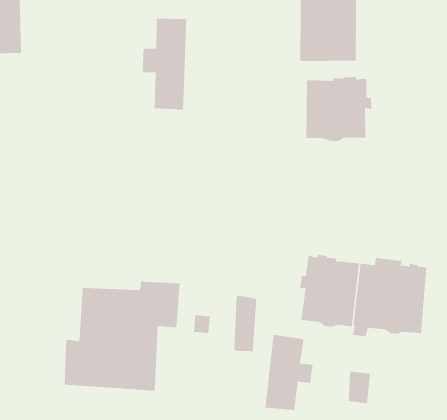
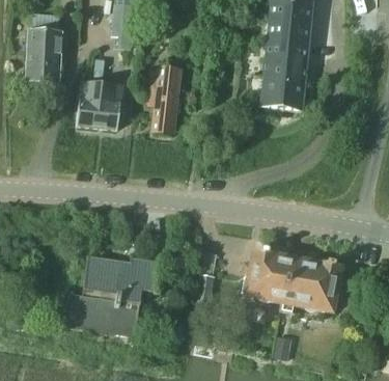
building: none -> [77,81,121,127]
building: [306,76,372,142] -> none
building: [265,334,313,411] -> none

